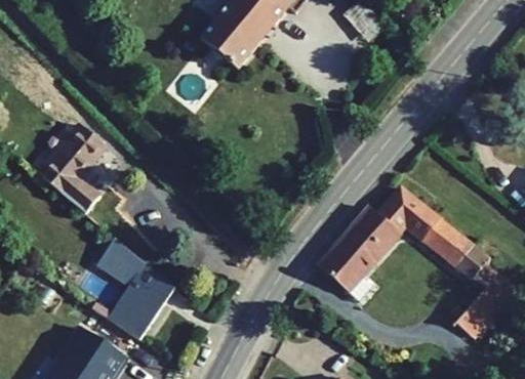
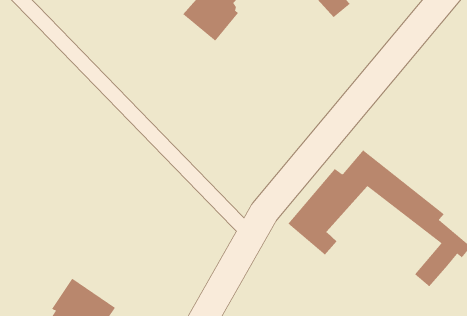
building: [38,124,107,213] -> none
building: [91,239,174,339] -> none

